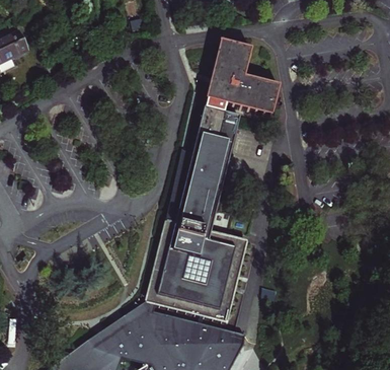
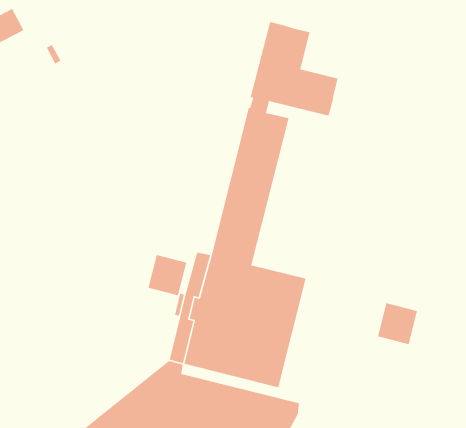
building: none -> [147,254,187,296]
building: none -> [377,302,418,345]

